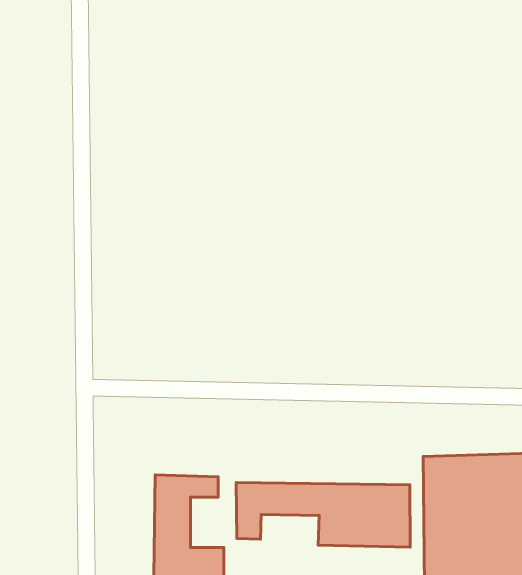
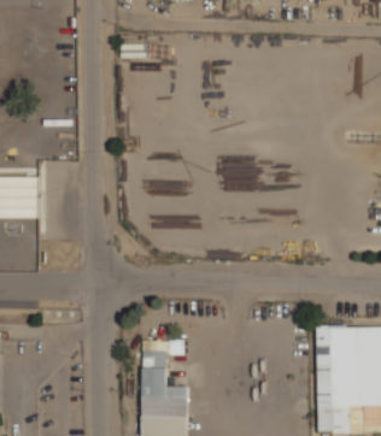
building: [236,483,410,547] -> none

